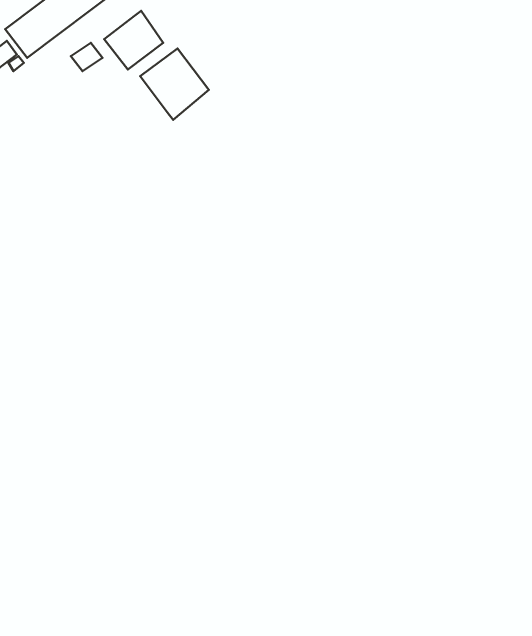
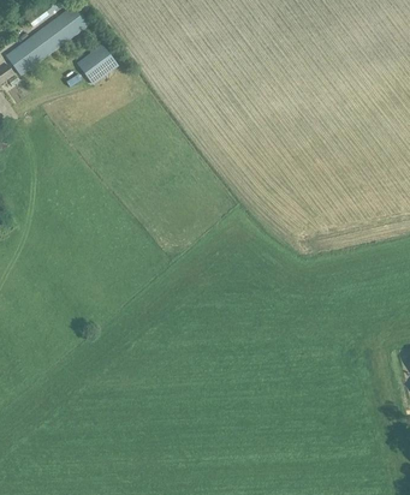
building: [140,48,209,120] -> none

